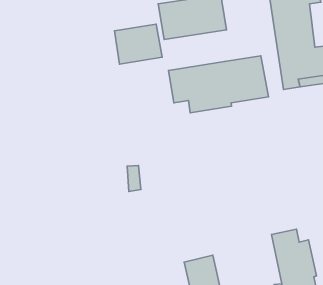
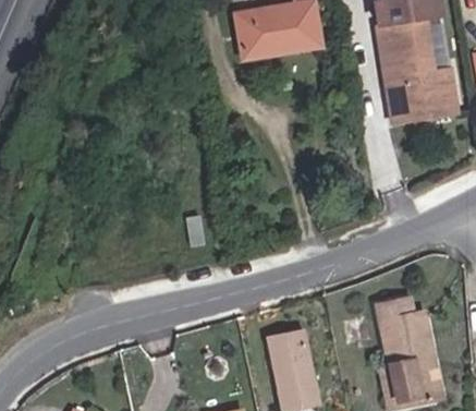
building: [114,24,162,64] -> none
building: [169,56,268,113] -> none

